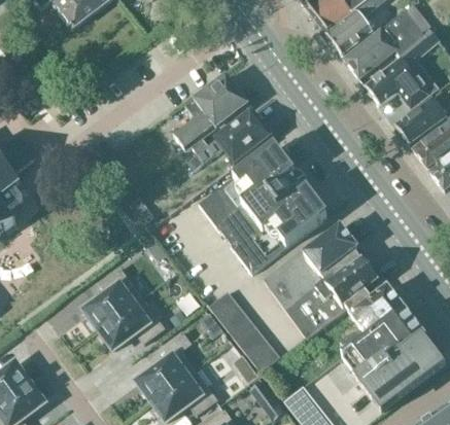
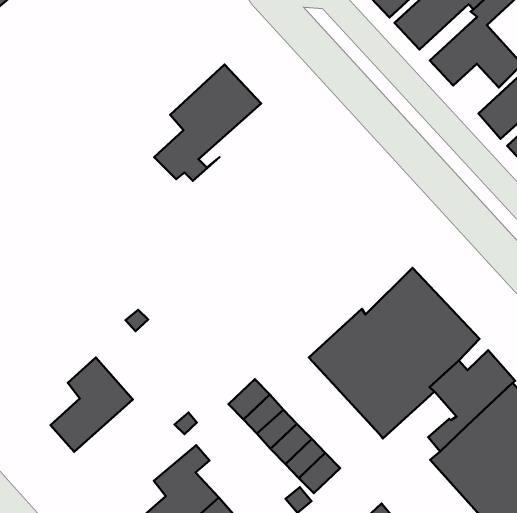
building: [197,112,269,162] -> none
building: [199,144,327,272] -> none
building: [99,296,165,348] -> none

